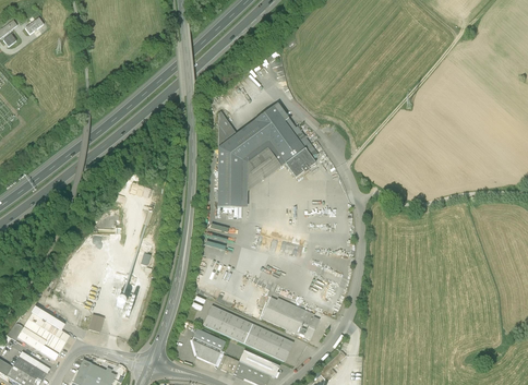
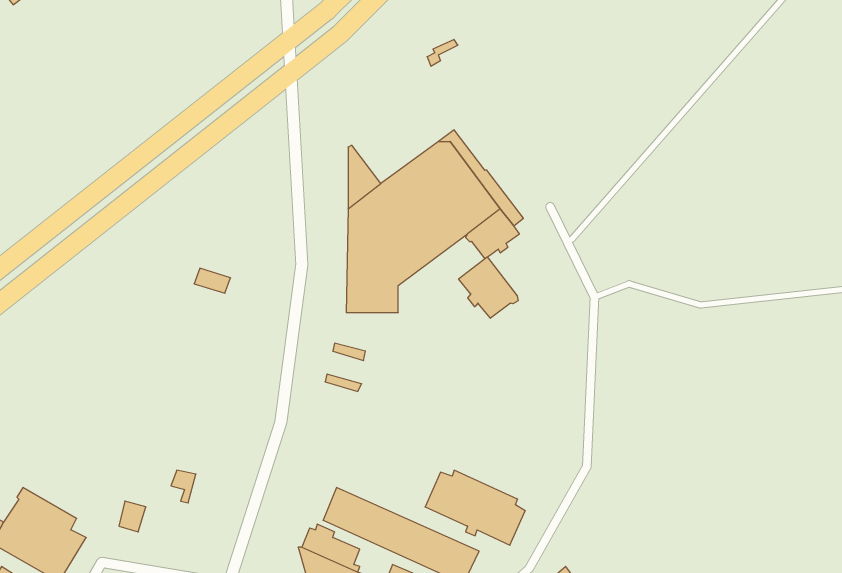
building: none -> [459,257,518,318]

